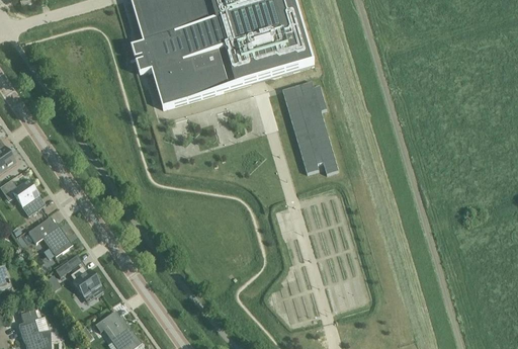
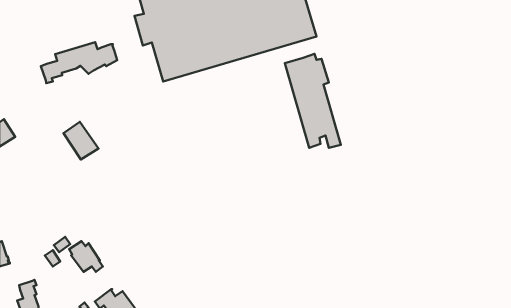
building: none -> [41,42,117,83]
building: [10,178,45,215] -> [64,122,98,160]
building: [27,220,72,256] -> none

